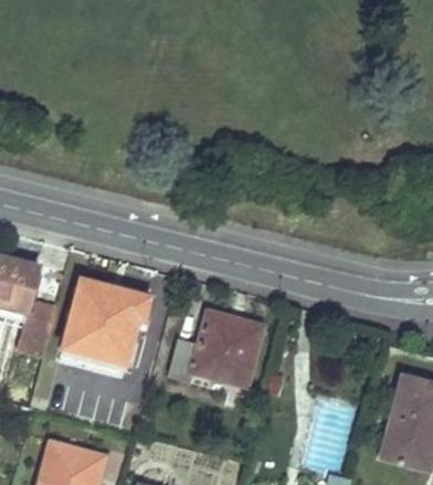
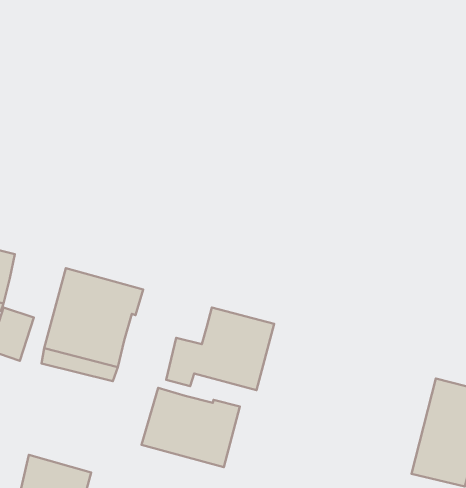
building: none -> [141,388,240,467]

